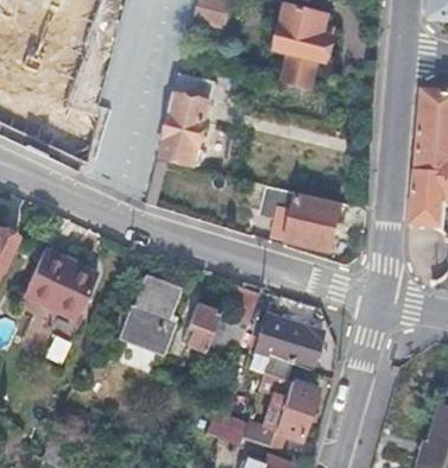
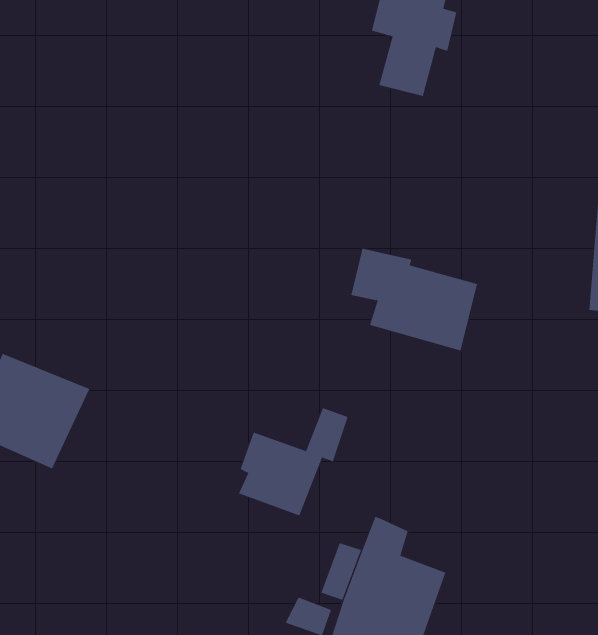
building: [164,74,210,164] -> none
building: [120,279,182,353] -> none
building: [261,315,324,373] -> none

